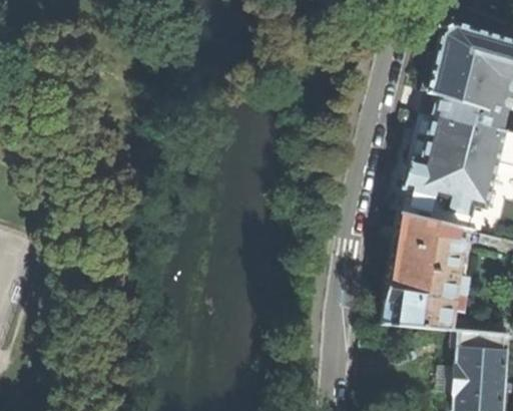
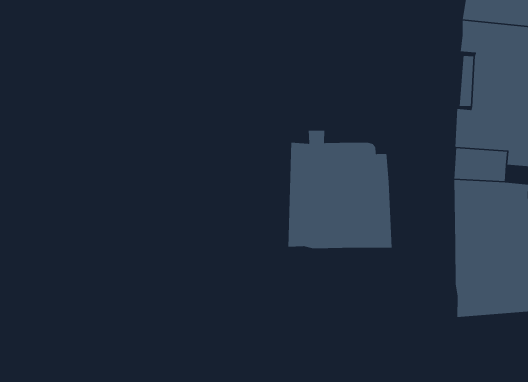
building: none -> [288,130,393,249]

